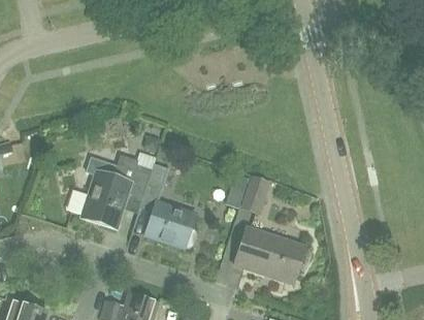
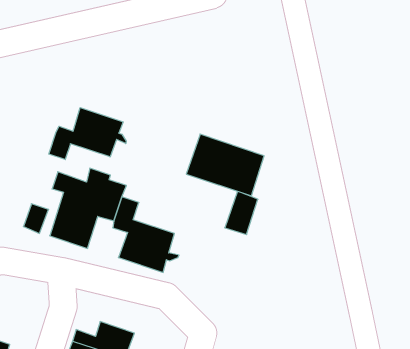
building: none -> [49,108,126,160]
building: [234,226,304,282] -> [186,134,264,196]

